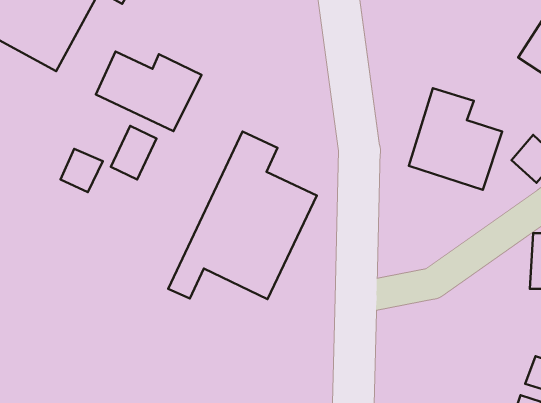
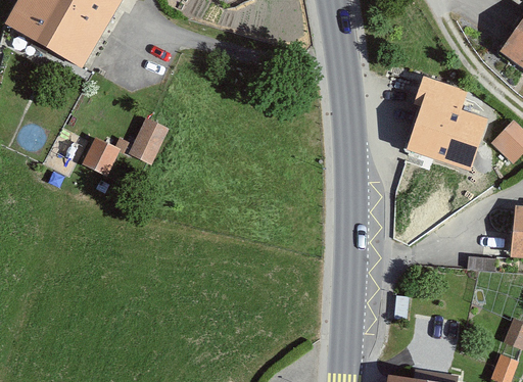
building: [96,51,201,131] -> none
building: [168,132,317,299] -> none

